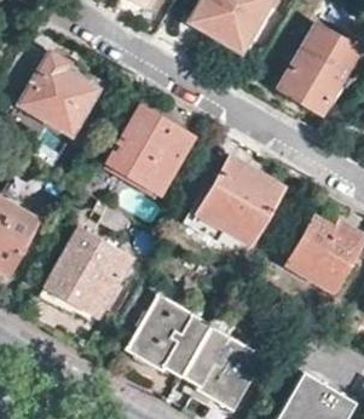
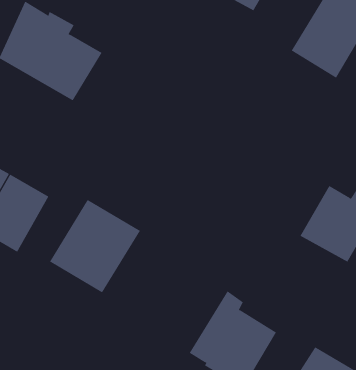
building: [106,103,195,194] -> none
building: [198,159,283,243] -> none
building: [126,295,218,378] -> none

